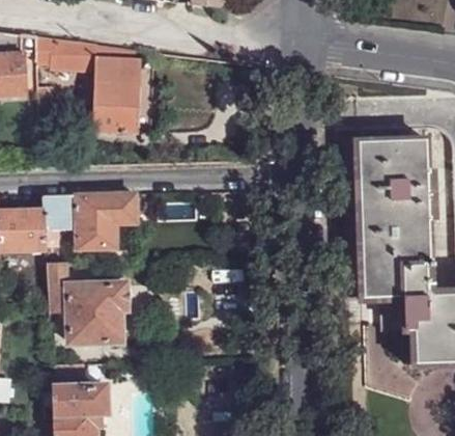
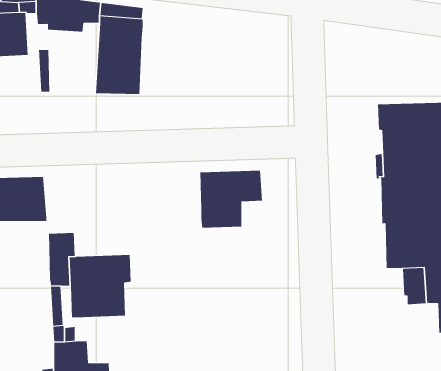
building: [77,194,137,249] -> [199,170,263,228]
building: [44,196,73,249] -> none

